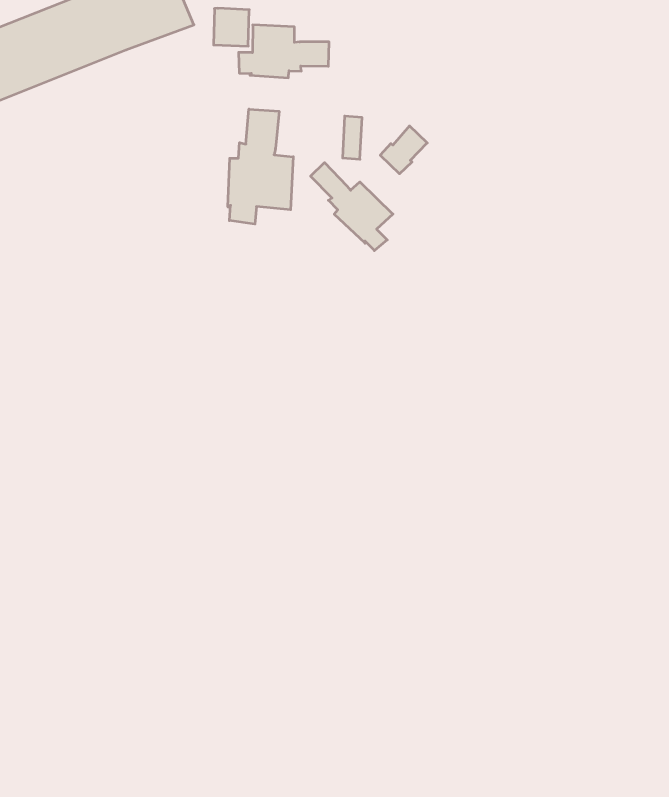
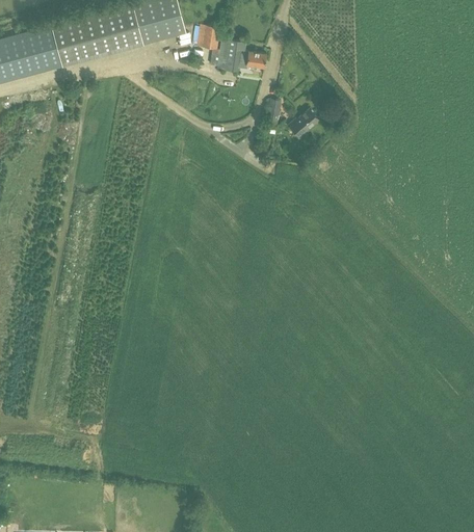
building: [228,109,293,224] -> none
building: [311,163,393,251] -> none

